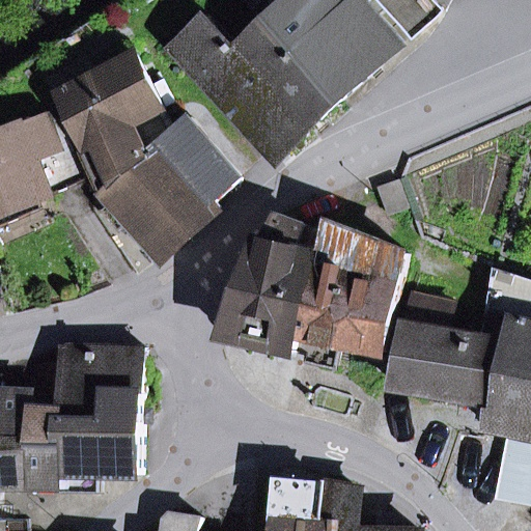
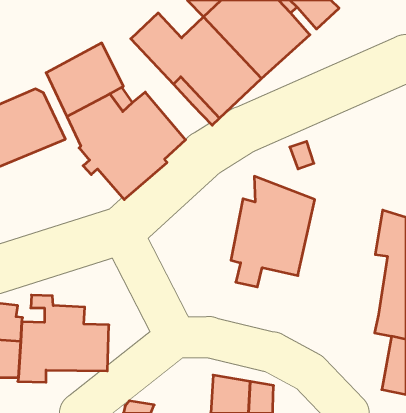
building: [224,217,312,353] -> none
building: [388,297,498,403] -> none
building: [39,348,141,417] -> none

